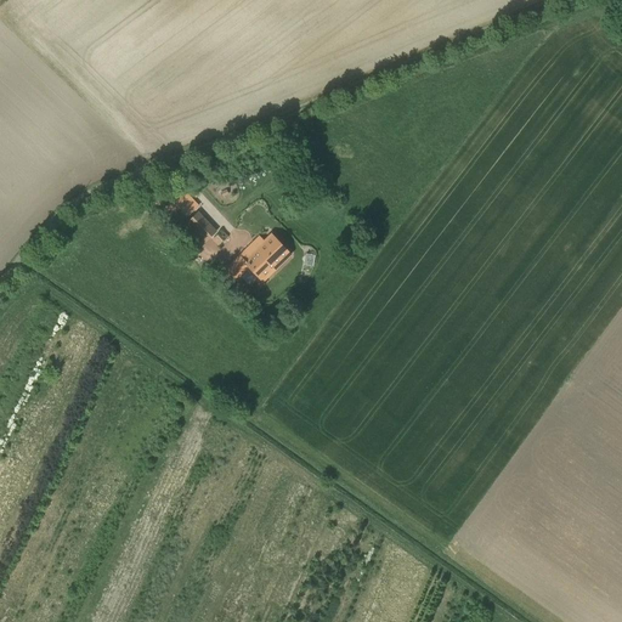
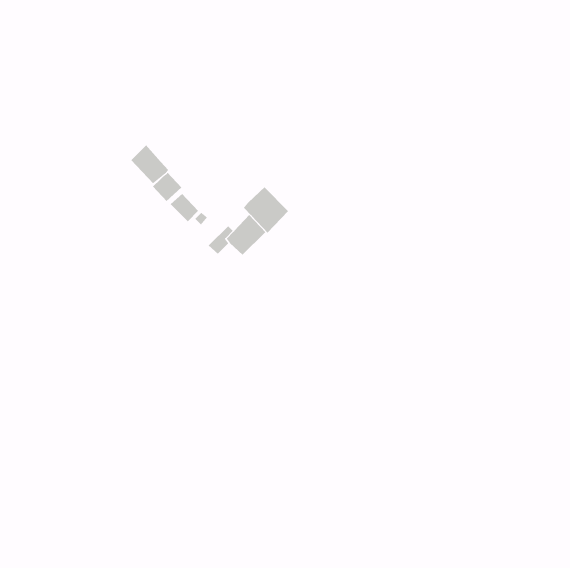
building: none -> [130,144,169,184]
building: none -> [243,187,289,234]

